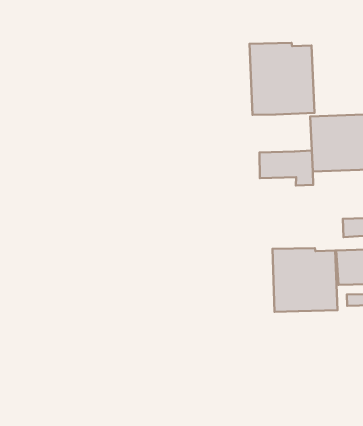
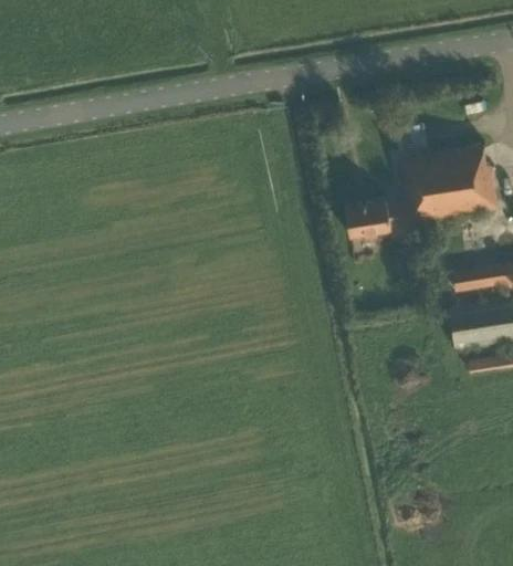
building: [250,43,314,115] -> none
building: [272,248,337,312] -> none

